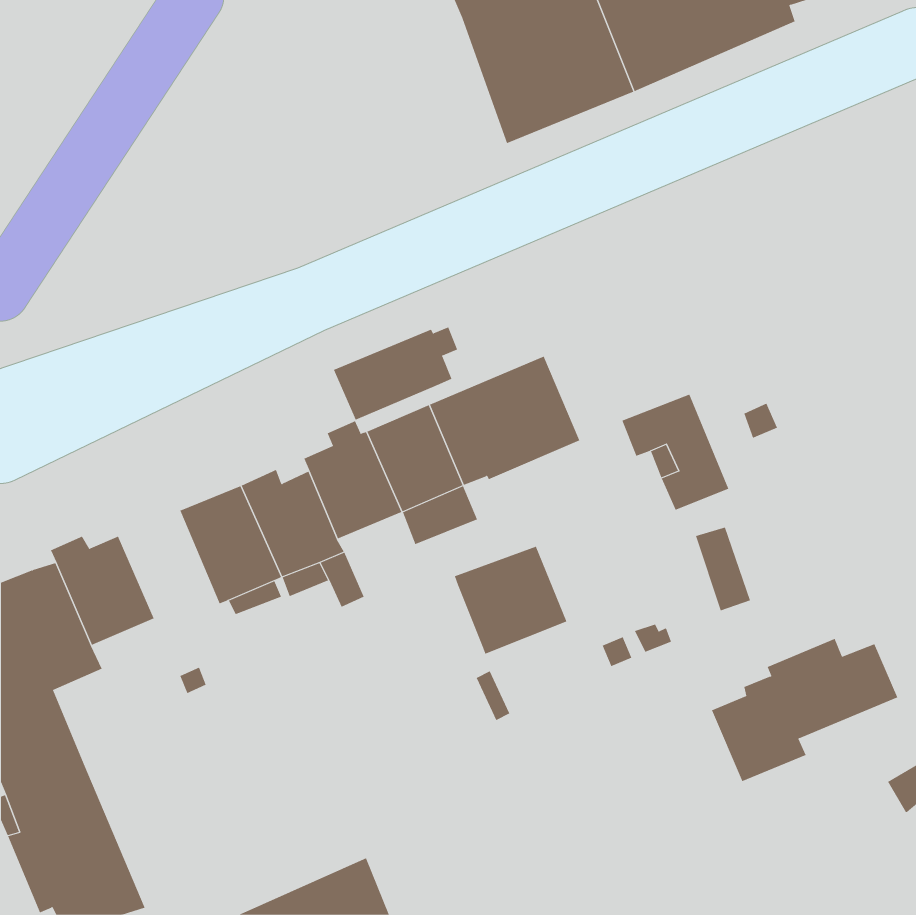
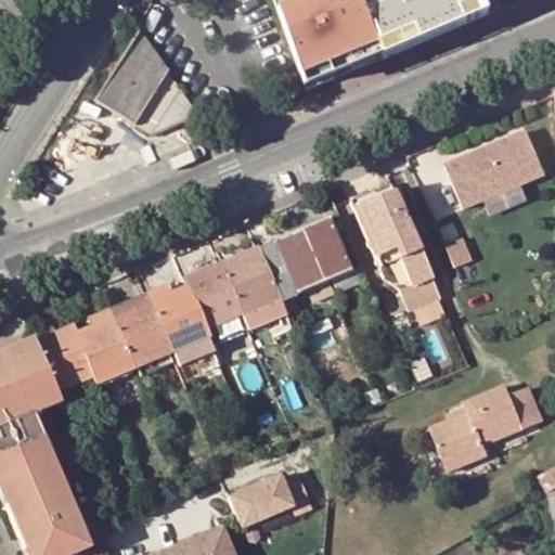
building: none -> [99,31,201,137]
building: none -> [446,131,545,208]
building: none -> [352,185,417,254]
building: [333,327,458,421] -> none
building: none -> [76,308,133,379]
building: [454,546,567,655] -> none
building: none -> [231,472,313,524]

